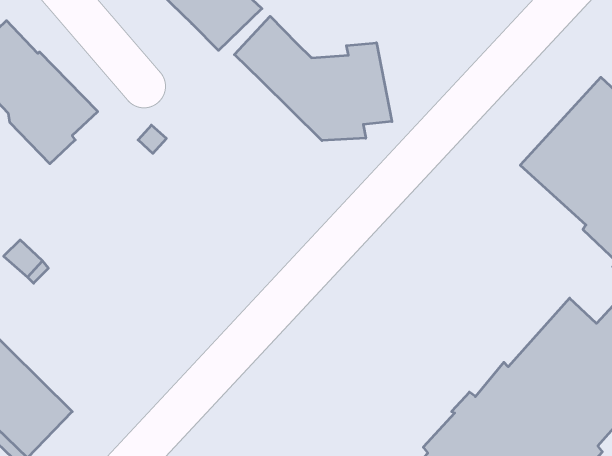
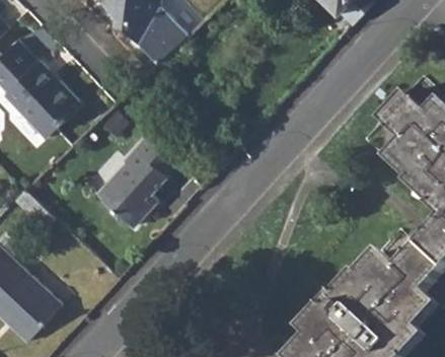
building: [234,16,392,141] -> none
building: none -> [96,135,174,225]

